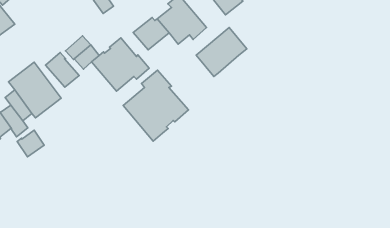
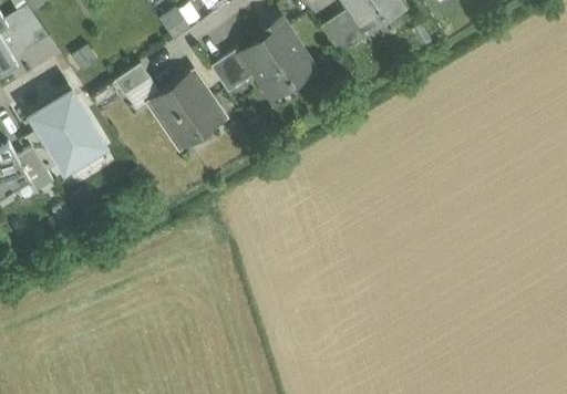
building: [196,27,247,77] -> none
building: [46,53,79,87] -> none
building: [123,70,188,141] -> none
building: [17,130,44,157] -> none

